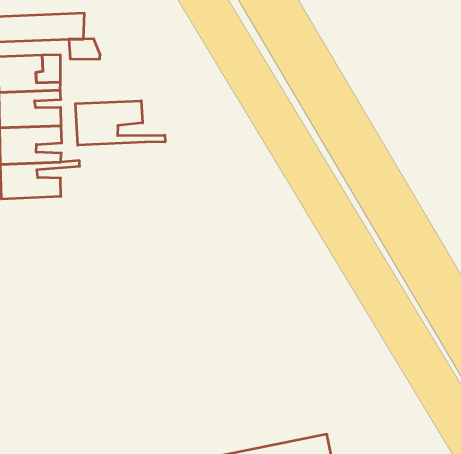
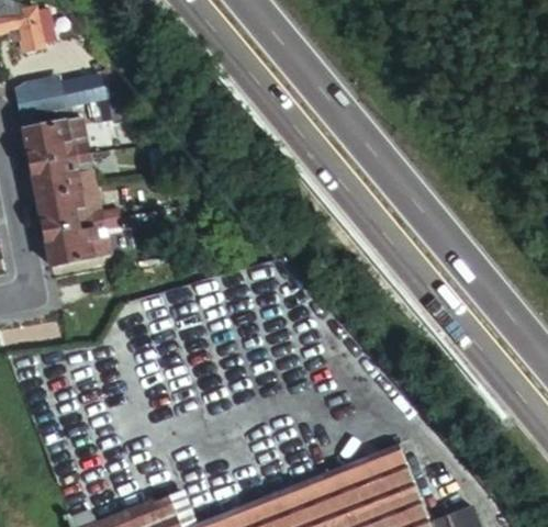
building: [76,101,165,145] -> none

